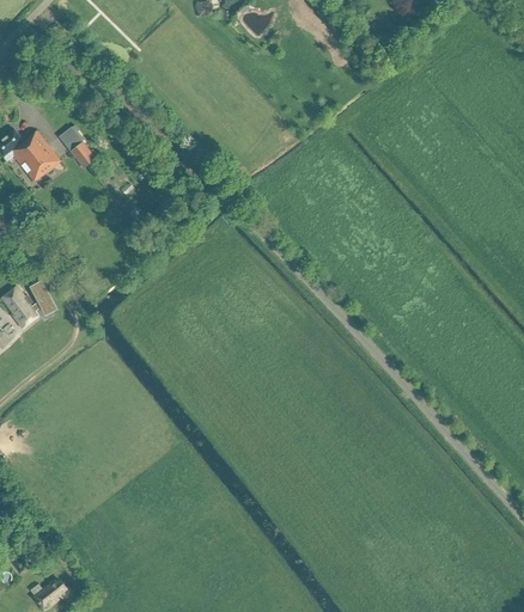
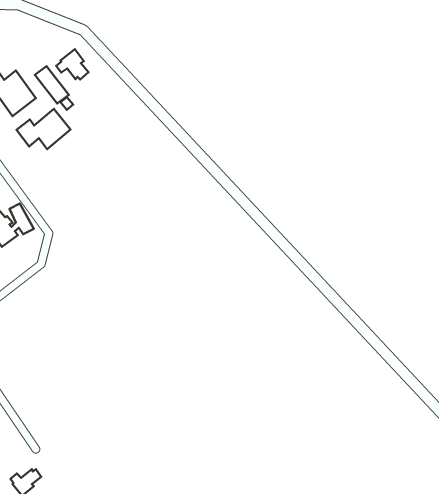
building: none -> [56,49,89,80]
building: none -> [17,109,70,149]

